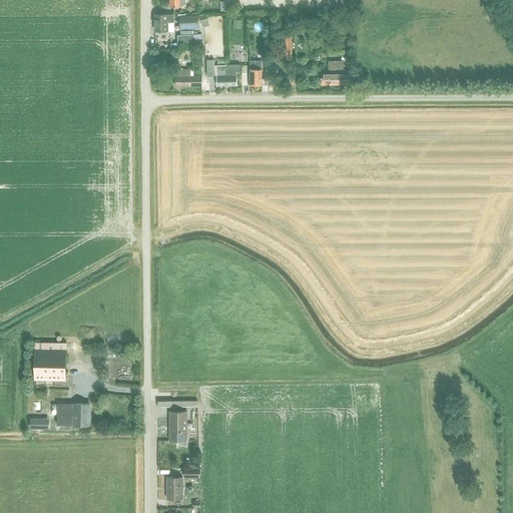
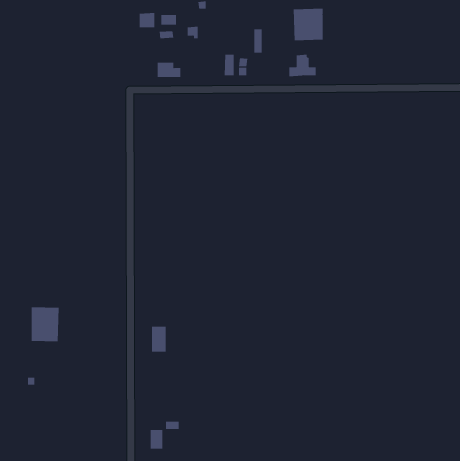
building: none -> [293,8,323,41]
building: [215,65,238,86] -> none
building: [57,404,89,425] -> none
building: [169,411,186,440] -> [151,326,166,352]

